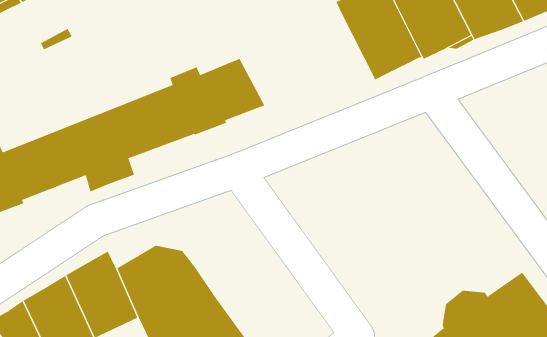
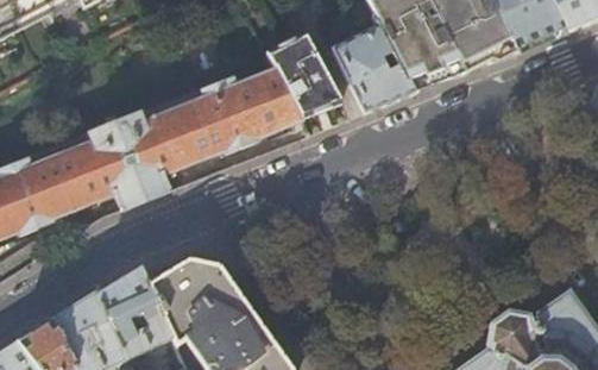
building: none -> [333,21,415,109]
building: none -> [265,25,339,115]

